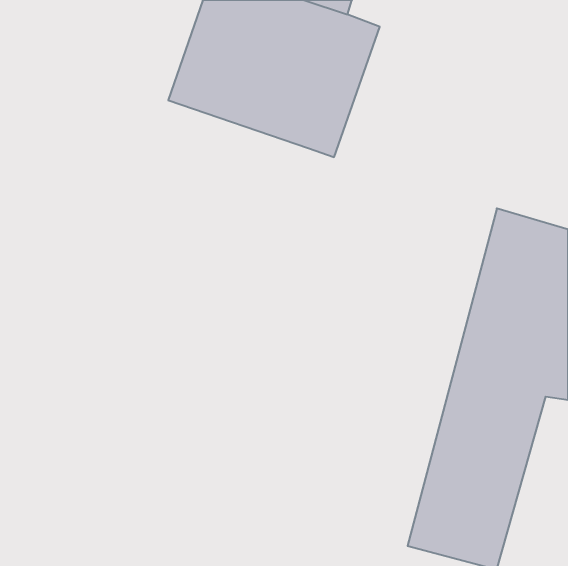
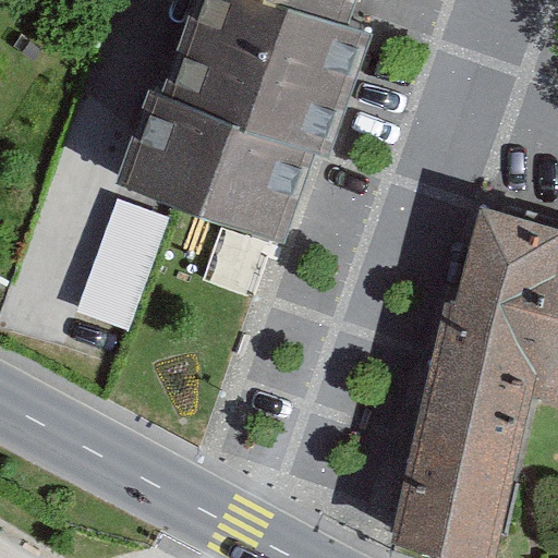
building: none -> [117,95,302,240]
building: none -> [83,203,160,324]

